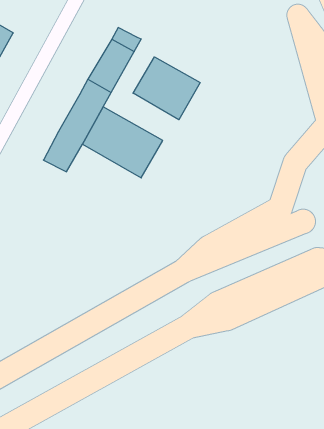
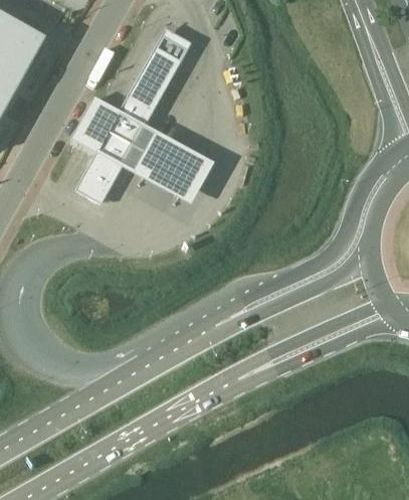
building: [133,57,200,120] -> none
building: none -> [71,97,119,152]

